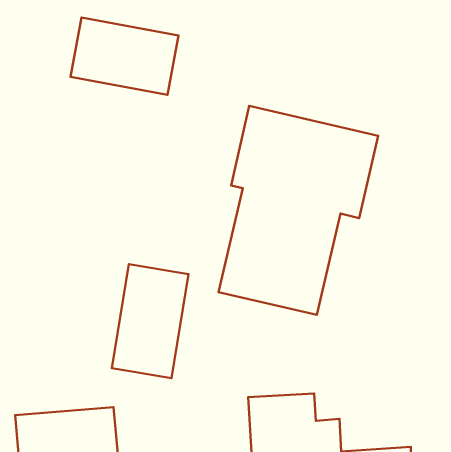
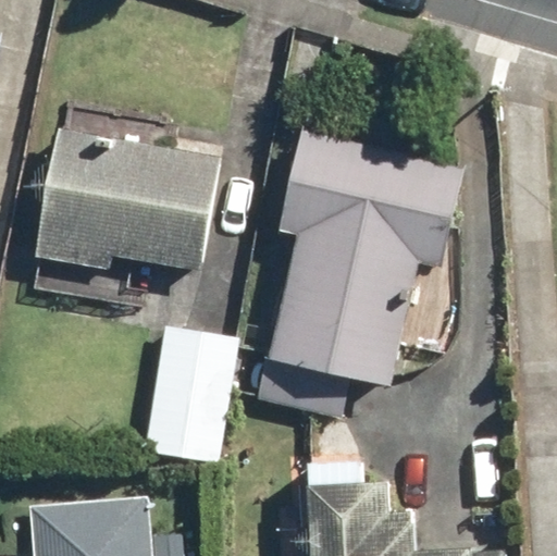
building: [71,17,178,95] -> none
building: none -> [35,127,218,271]

